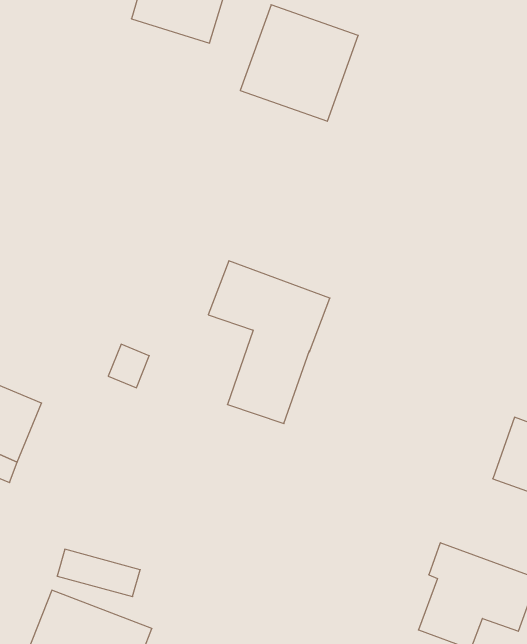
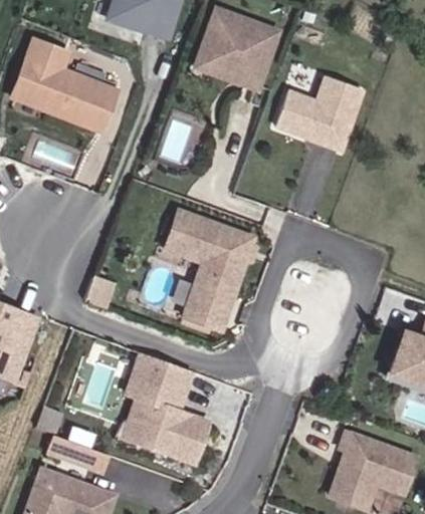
building: none -> [9,37,113,126]
building: none -> [275,74,366,154]
building: none -> [119,352,213,469]

